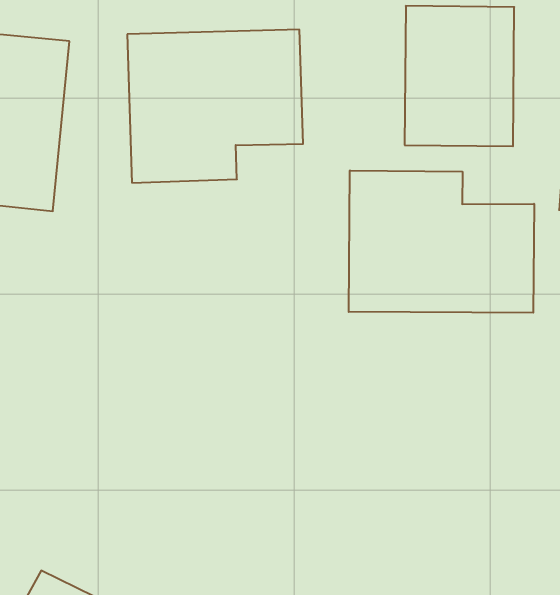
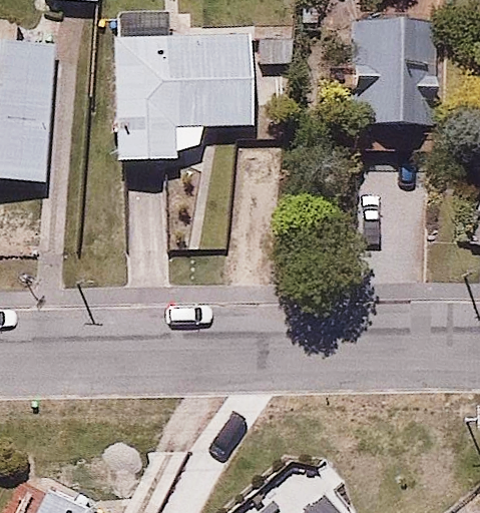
building: [349,170,534,313] -> none

